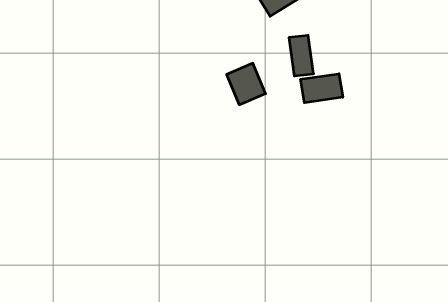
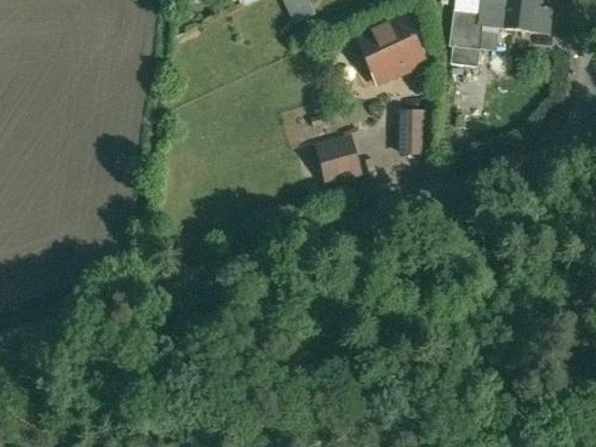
building: [301,74,343,103] -> none

